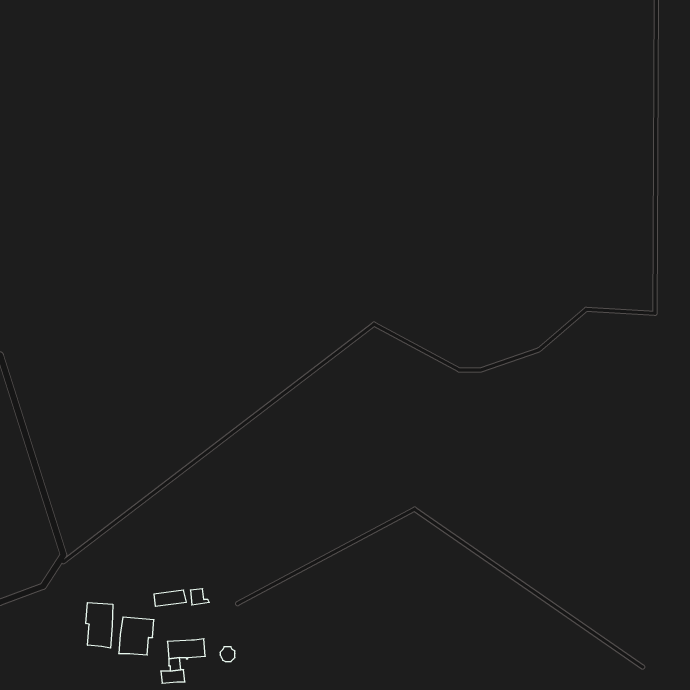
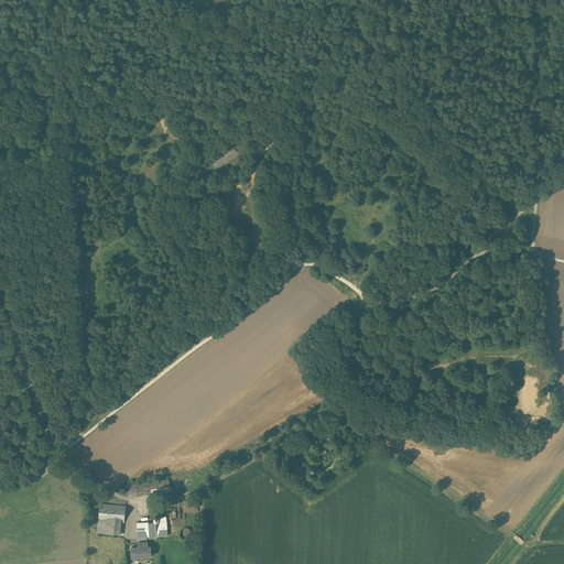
building: [86,603,113,648] -> none

